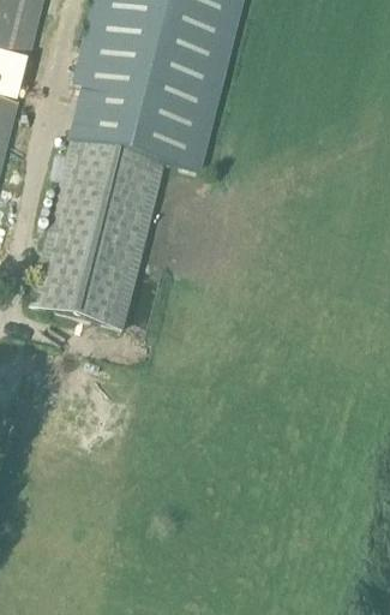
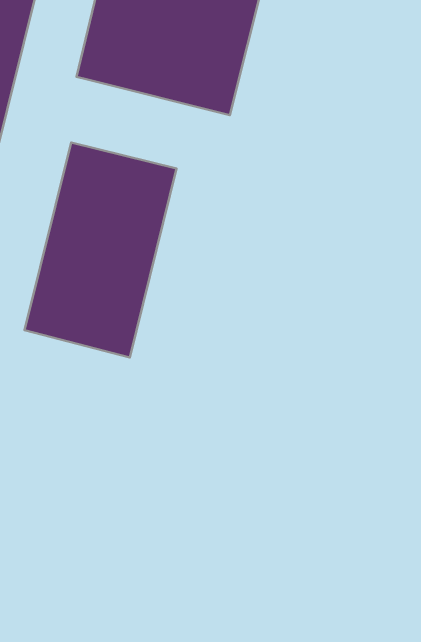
building: [71,83,210,169] -> none

